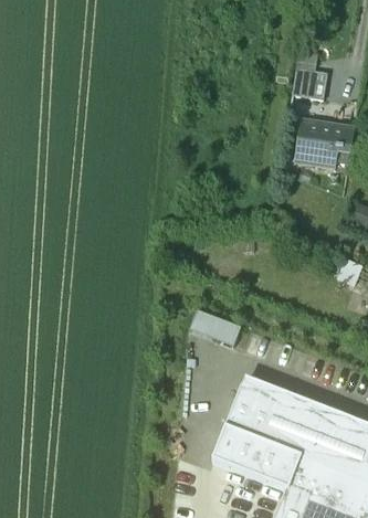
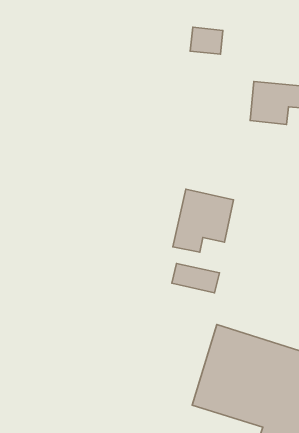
building: [291,68,327,99] -> [190,27,223,54]
building: none -> [173,189,234,252]

